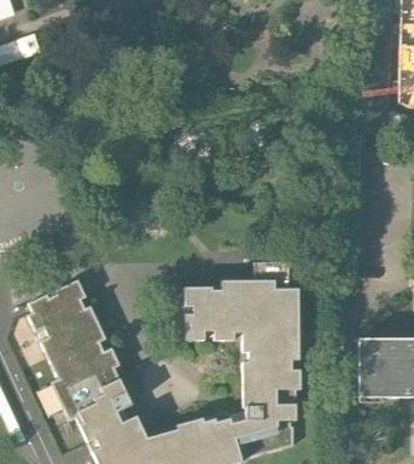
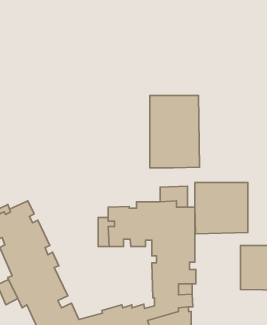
building: none -> [150,96,200,168]
building: none -> [195,183,248,234]

